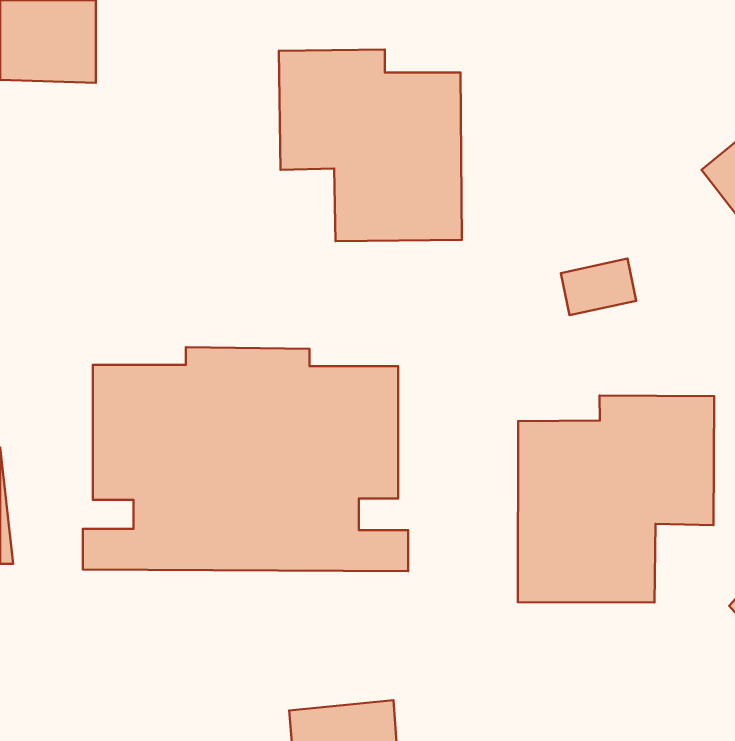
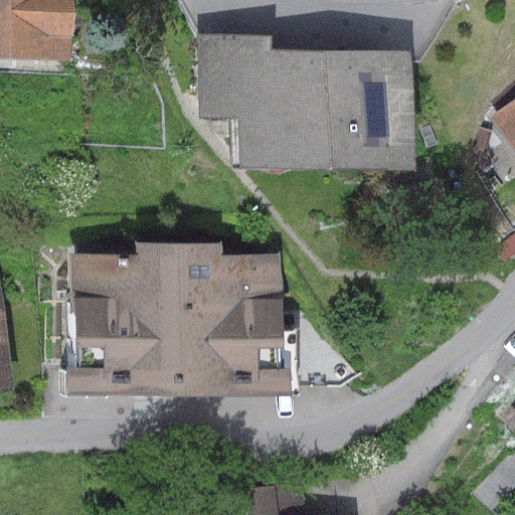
building: none -> [324,50,410,167]
building: [518,395,714,603] -> none

